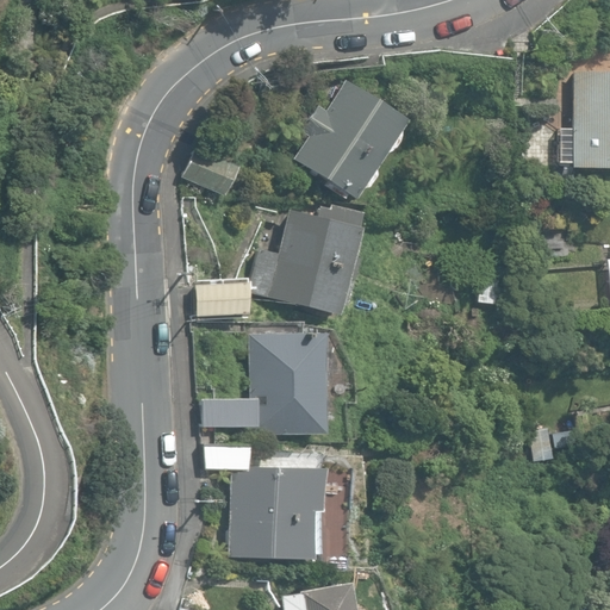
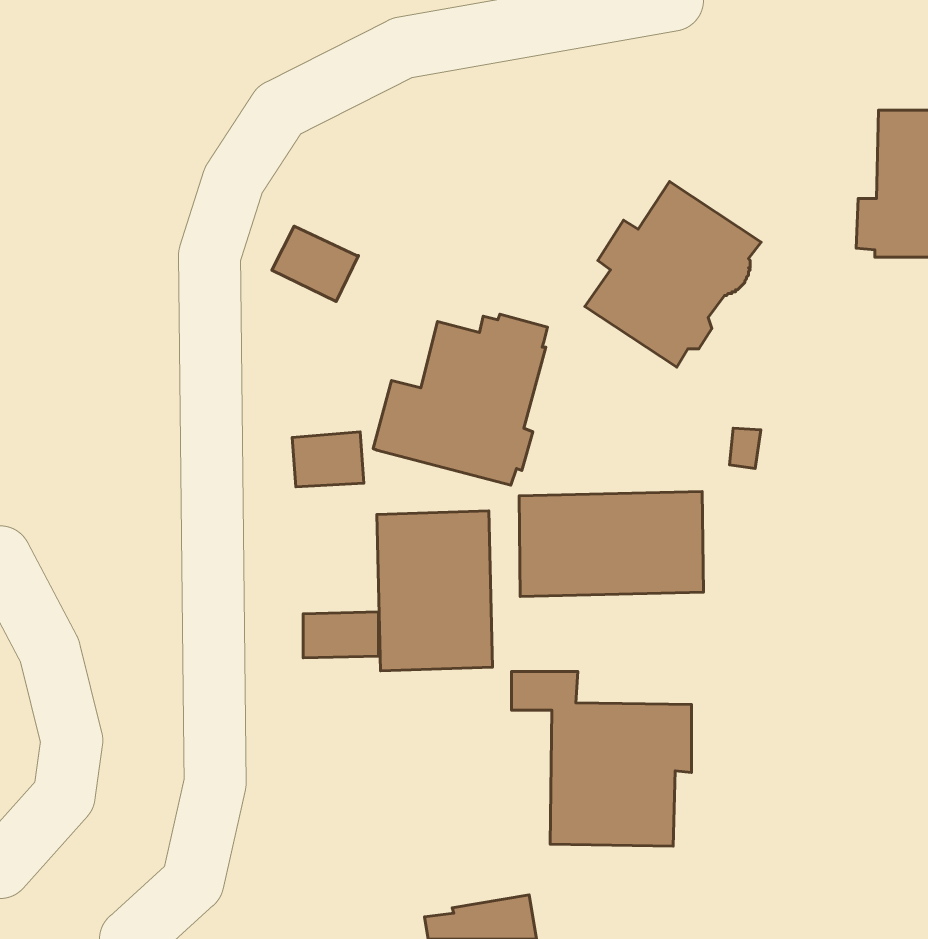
building: [294,79,409,199] -> [585,181,761,367]
building: none -> [519,491,703,597]
building: [206,444,323,558] -> [512,672,692,846]

